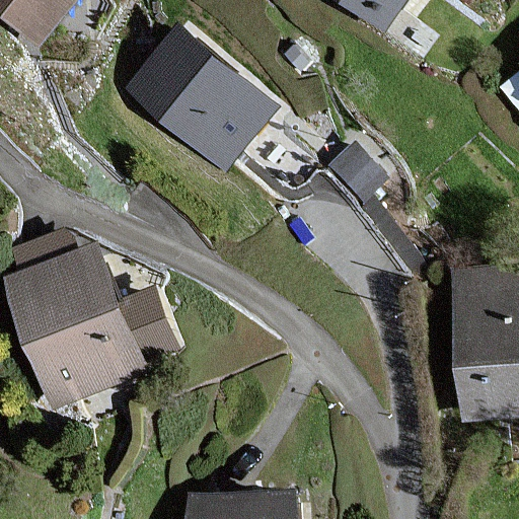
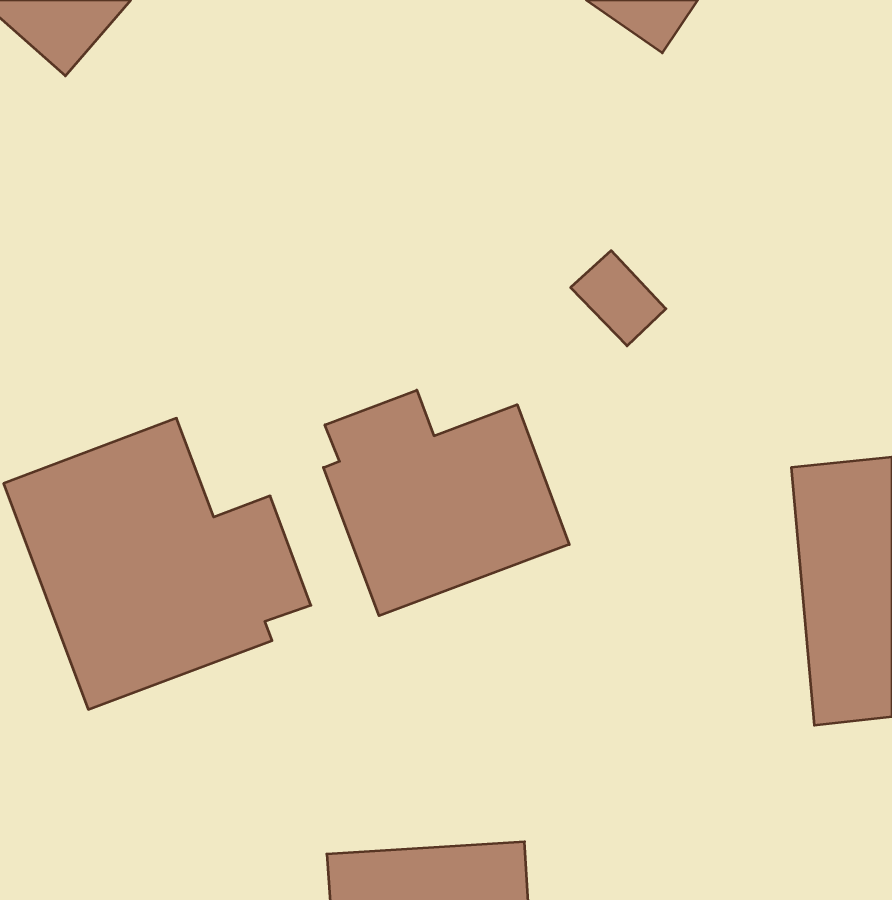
building: [126,28,269,164] -> none
building: none -> [323,390,569,616]

